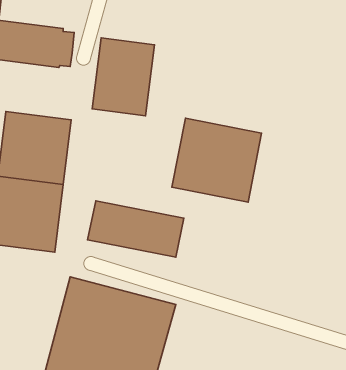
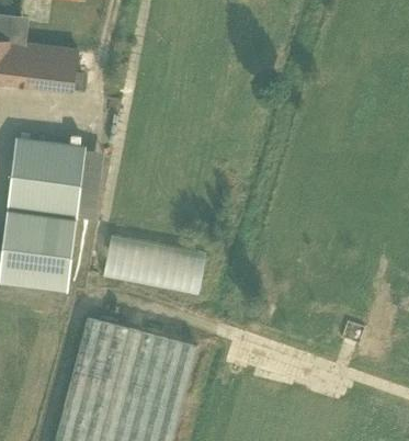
building: [92,38,155,116] -> none
building: [172,118,262,202] -> none

